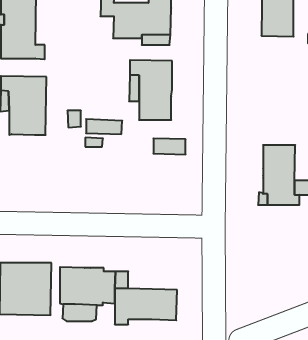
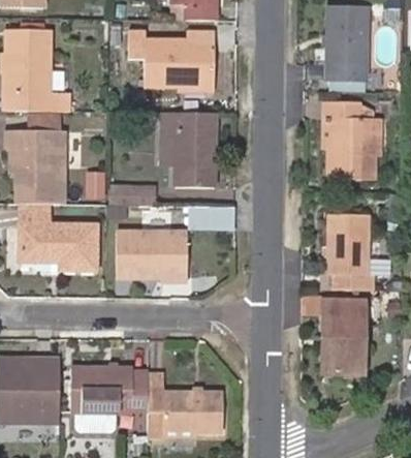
building: none -> [322,102,373,181]
building: none -> [19,203,96,271]
building: none -> [118,234,187,278]
building: none -> [321,300,362,375]

